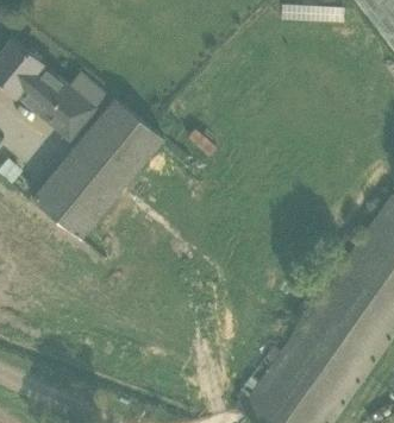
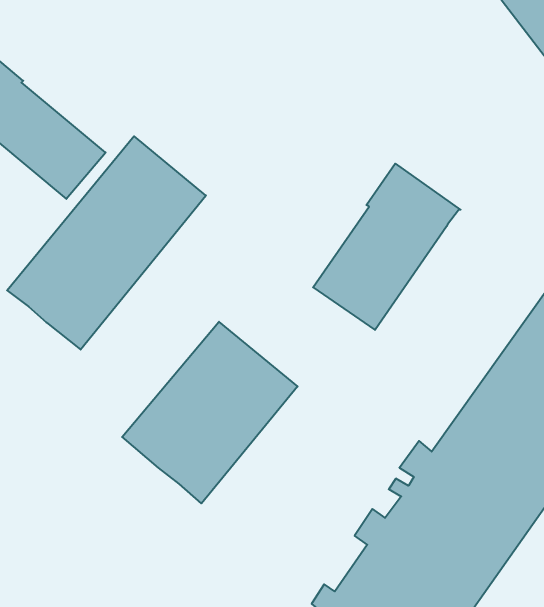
building: none -> [313,164,461,330]
building: none -> [122,322,298,503]

